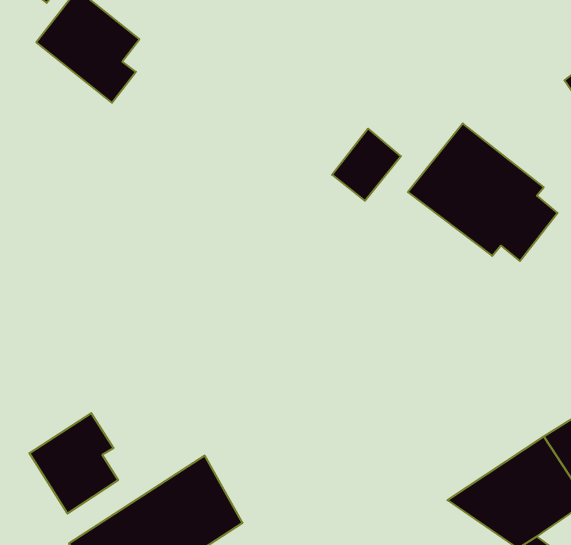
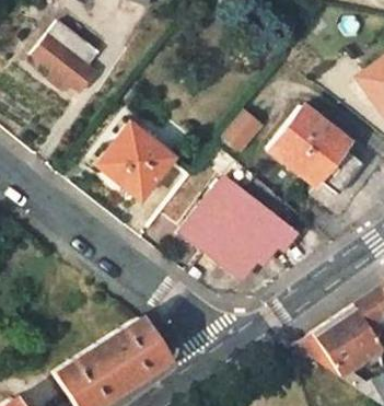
building: none -> [101,123,175,197]
building: none -> [186,182,277,272]
building: [29,413,118,514] -> none

